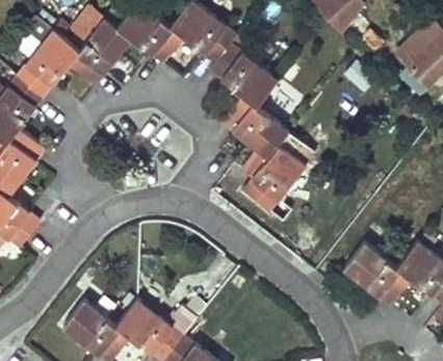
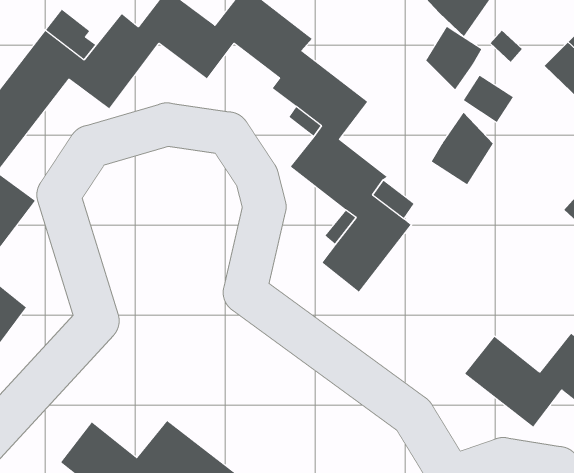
building: none -> [425,26,482,90]
building: none -> [431,112,493,185]

